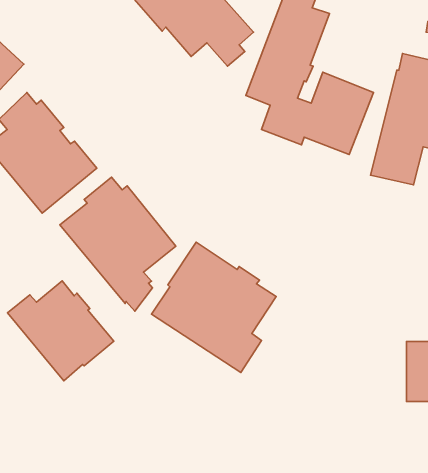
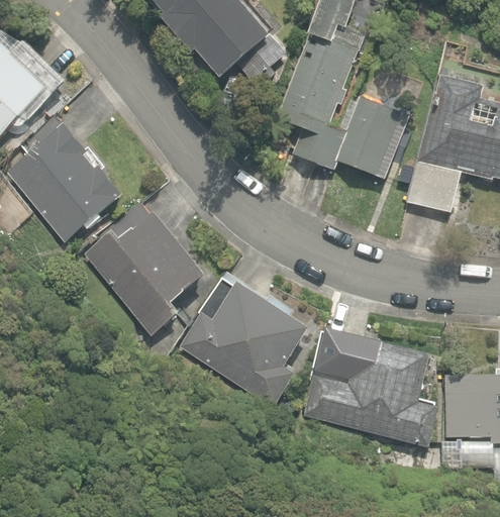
building: [8,281,114,381] -> none
building: none -> [302,326,438,446]

